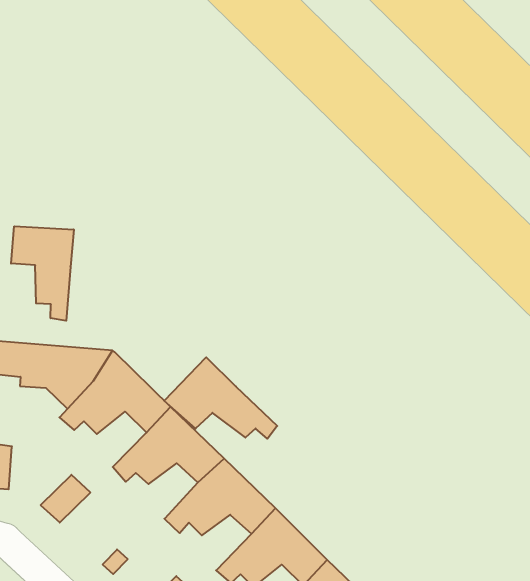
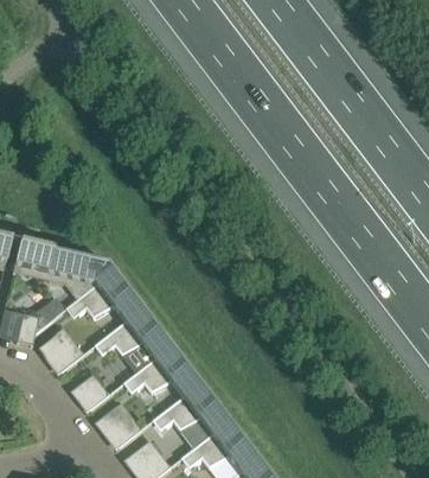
building: [11,226,74,321] -> none
building: [164,357,277,439] -> none

